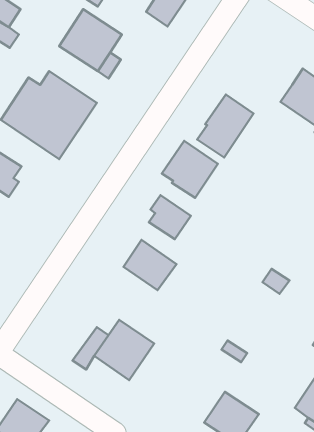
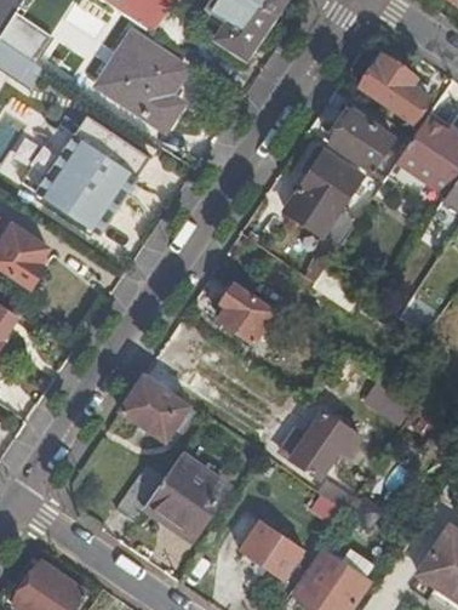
building: none -> [362,53,430,122]
building: none -> [330,109,395,175]
building: [162,141,218,198] -> none
building: [124,240,176,290] -> [120,375,191,443]
building: none -> [280,412,360,479]
building: none -> [240,520,305,581]

